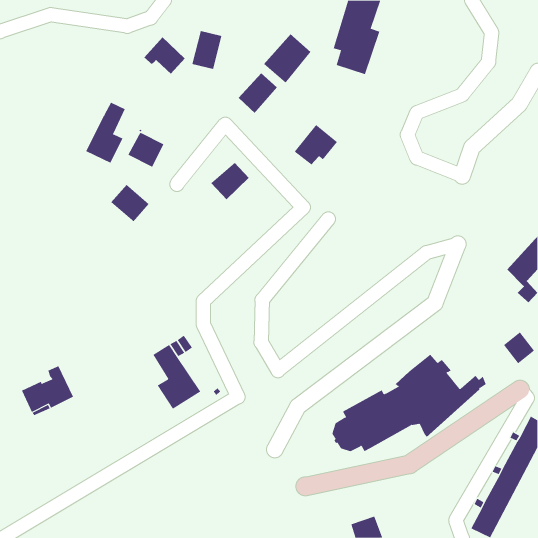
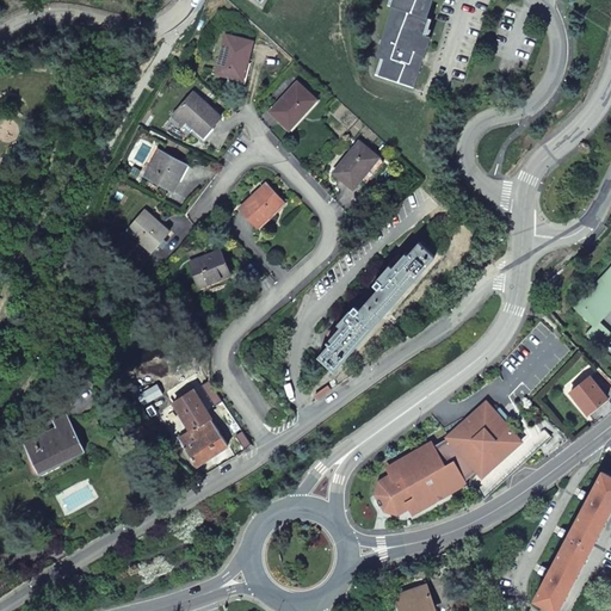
building: [263,34,311,84] -> none
building: [143,37,186,74] -> [172,92,220,135]
building: [85,102,126,163] -> none
building: none -> [319,241,434,370]
building: none -> [190,249,230,286]

